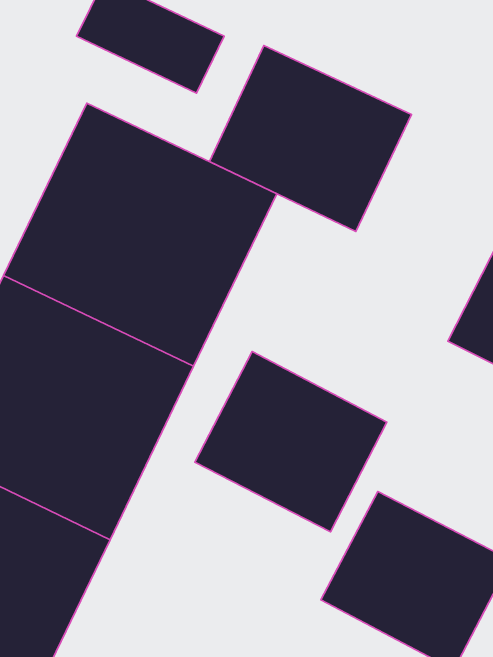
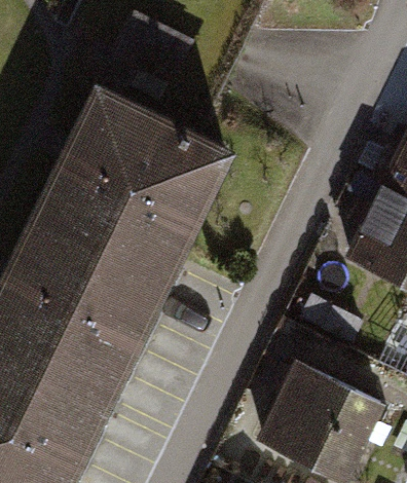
building: [209,45,412,232] -> none
building: [195,352,387,532] -> none

